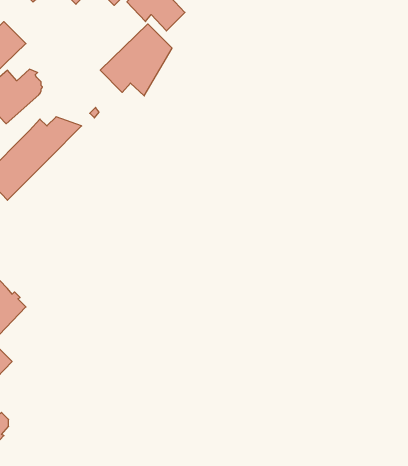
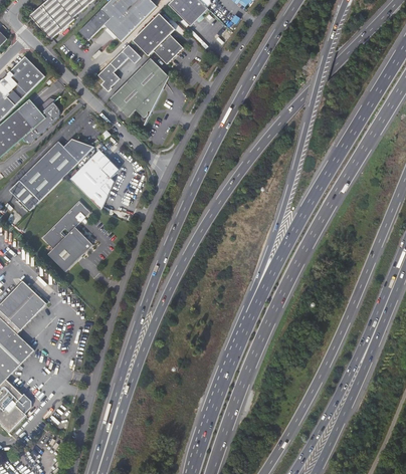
building: none -> [95,44,143,94]
building: none -> [69,149,116,210]
building: none -> [40,200,91,271]

